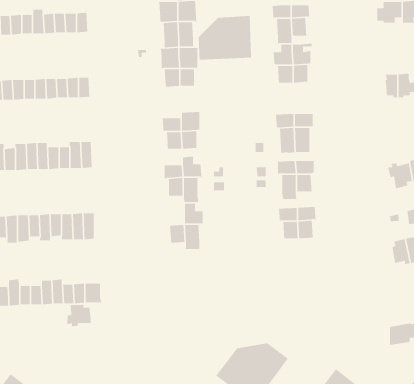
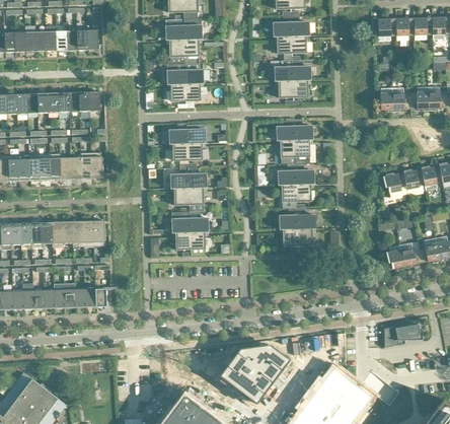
building: [198,15,252,60] -> none
building: none -> [171,211,190,233]
building: [67,304,92,327] -> none

